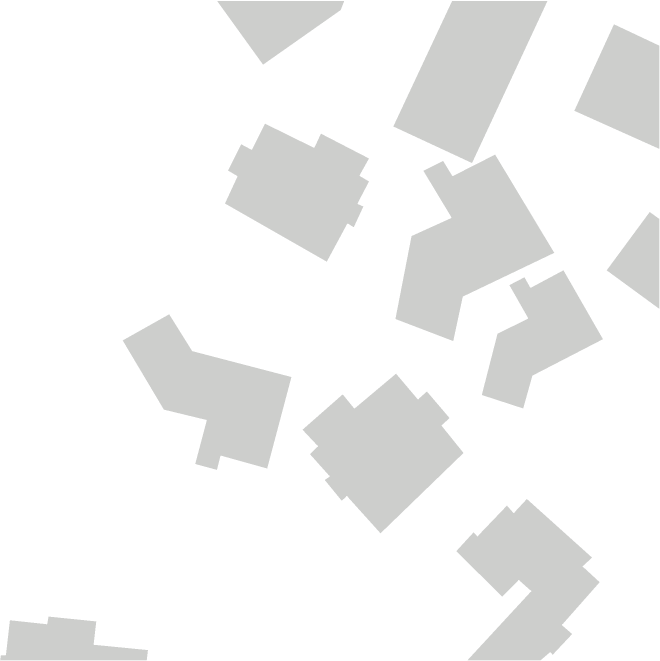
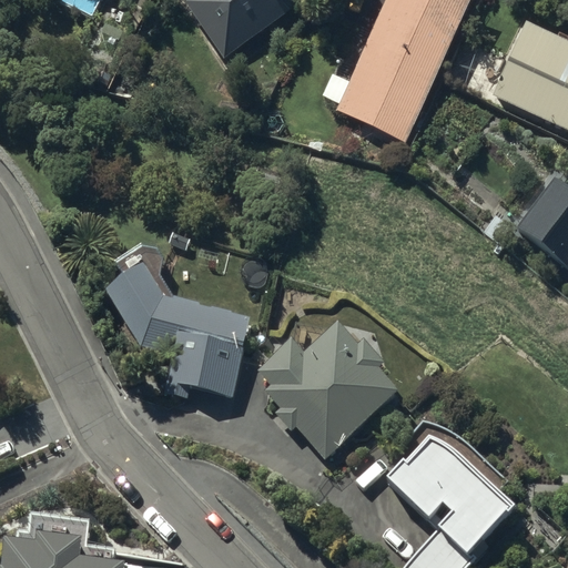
building: [224,123,370,263] -> none
building: [395,154,556,342] -> none
building: [481,269,604,410] -> none

